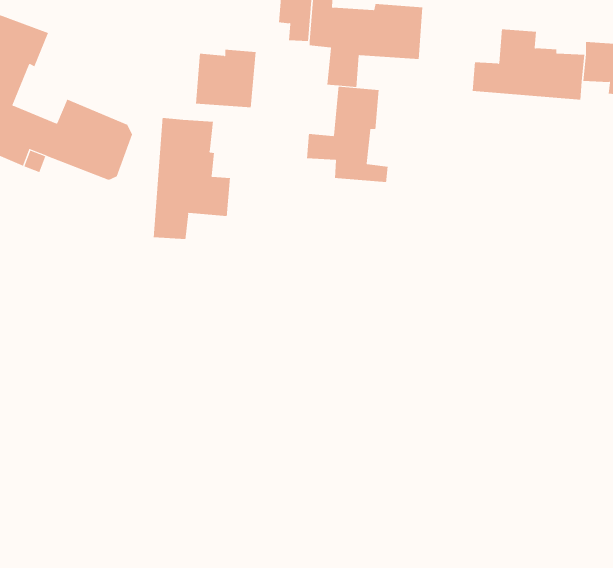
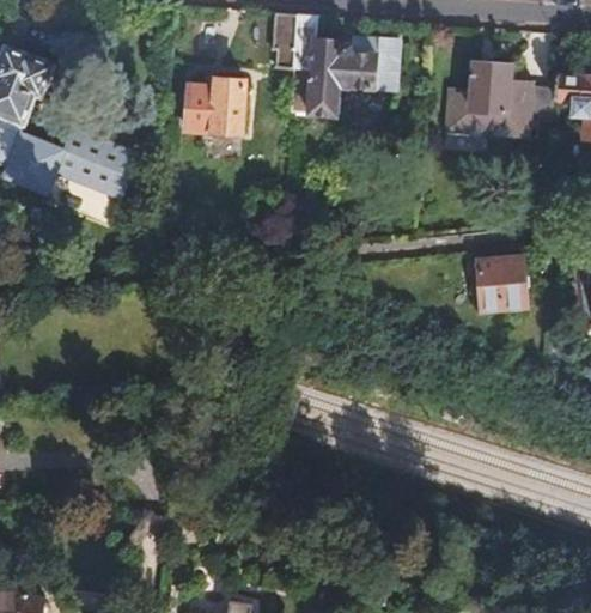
building: [306,86,388,183] -> none
building: [153,117,231,240] -> none
building: none -> [482,259,532,311]

